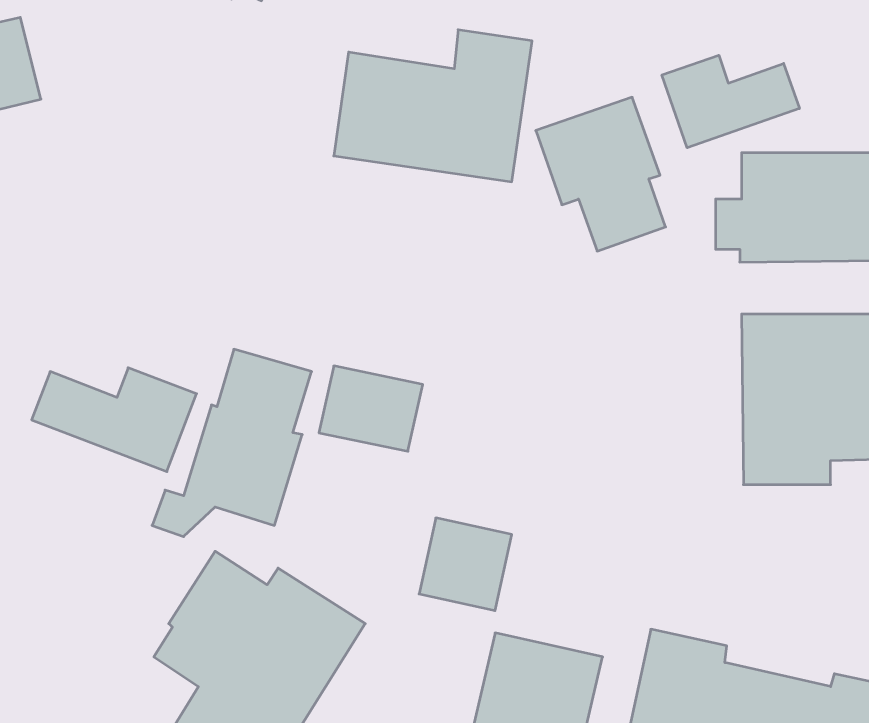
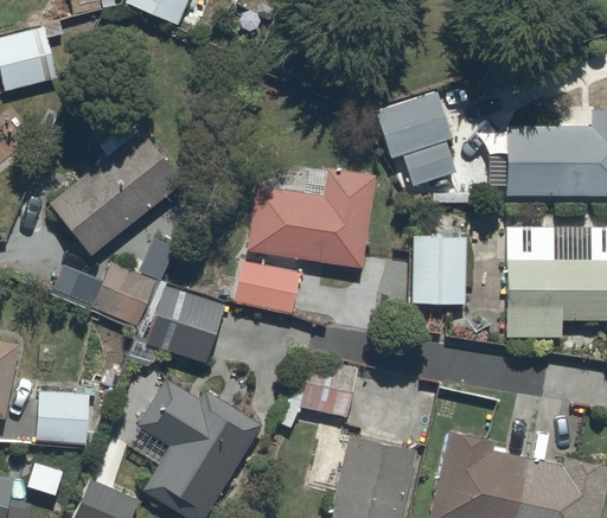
building: [334,30,532,182] -> [248,171,375,268]
building: [662,55,799,148] -> none
building: none -> [51,121,185,255]
building: none -> [410,236,467,303]
building: none -> [38,389,91,437]

